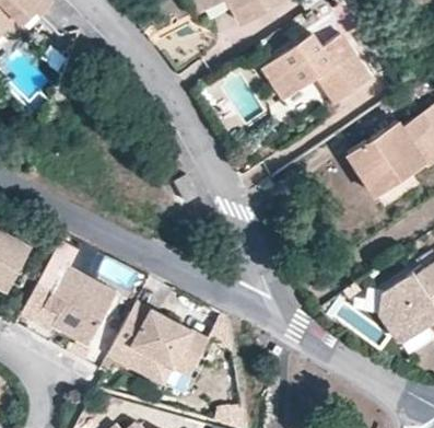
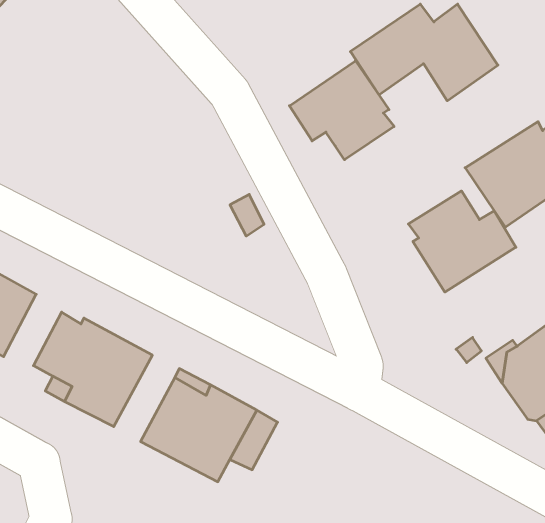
building: none -> [289,61,394,160]
building: none -> [408,191,516,292]

